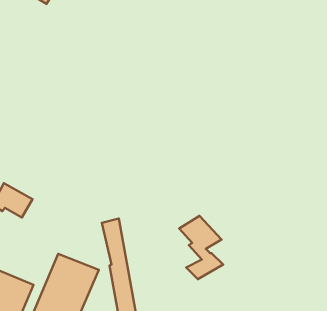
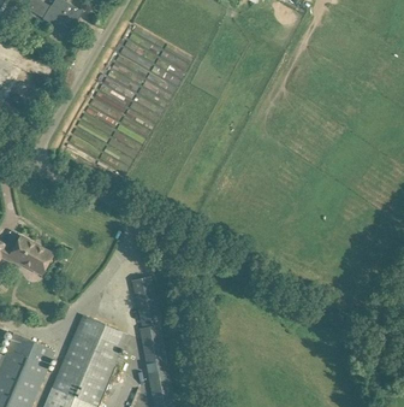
building: [179,216,223,279] -> none

